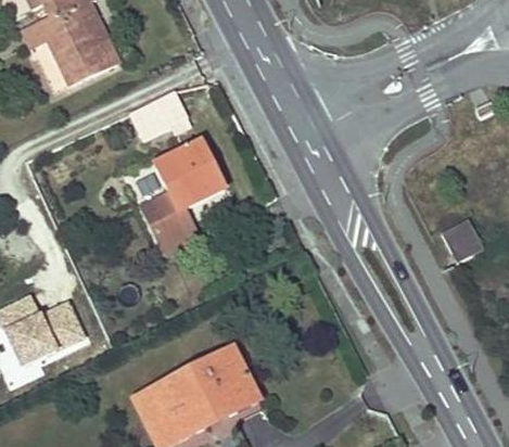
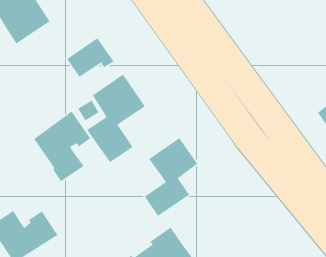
building: none -> [33,111,91,182]
building: none -> [144,137,198,217]

